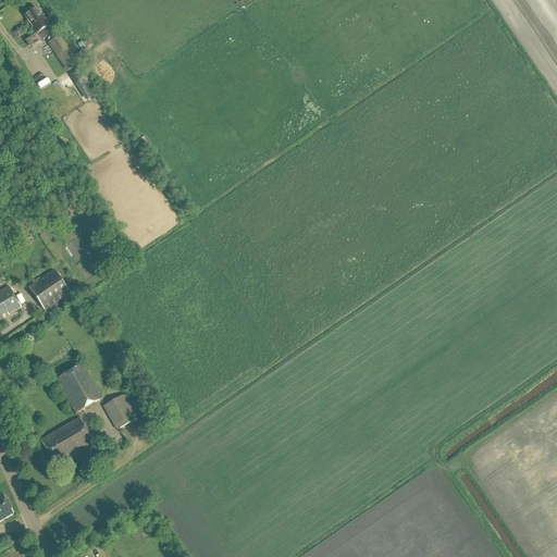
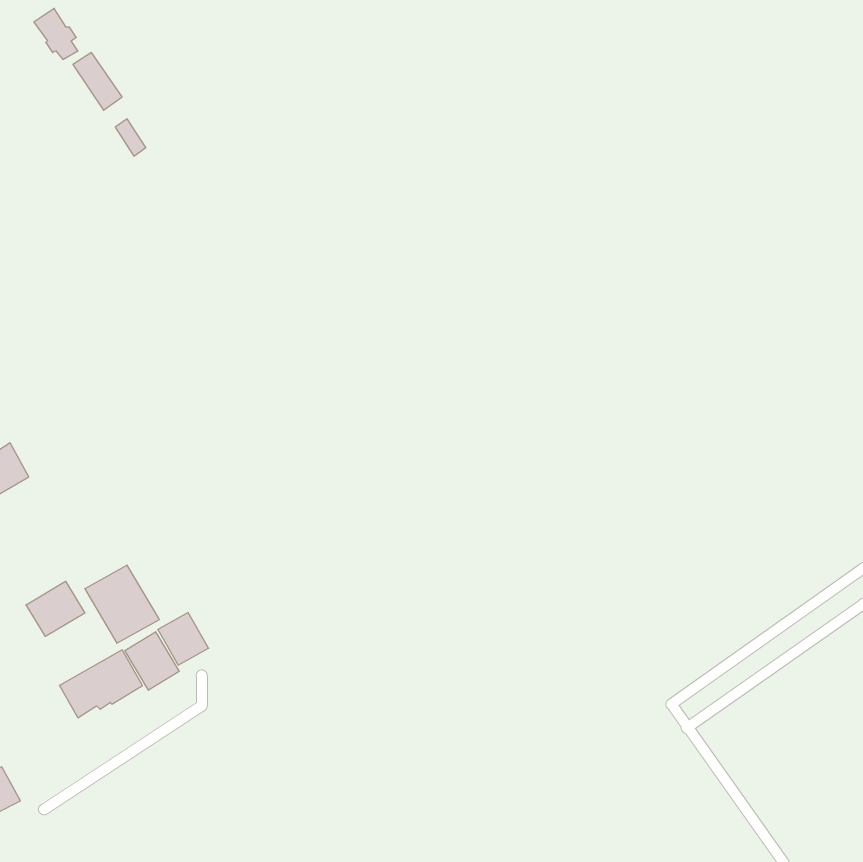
building: [27,268,70,310] -> none
building: none -> [26,581,85,636]
building: none -> [125,632,179,690]

